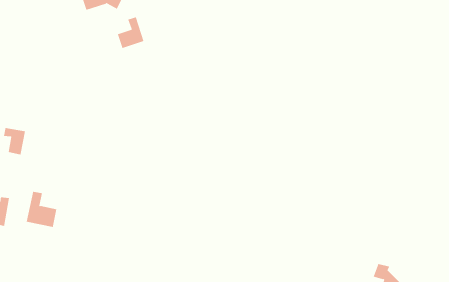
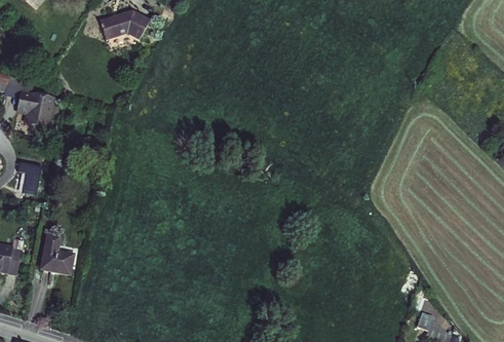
building: [117,17,144,49] -> none
building: none -> [17,88,54,123]

